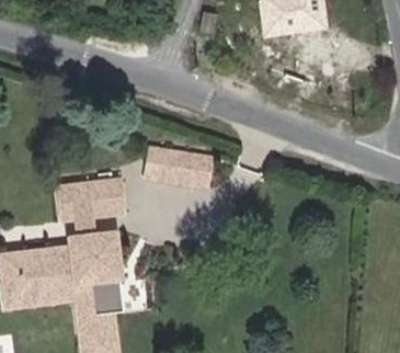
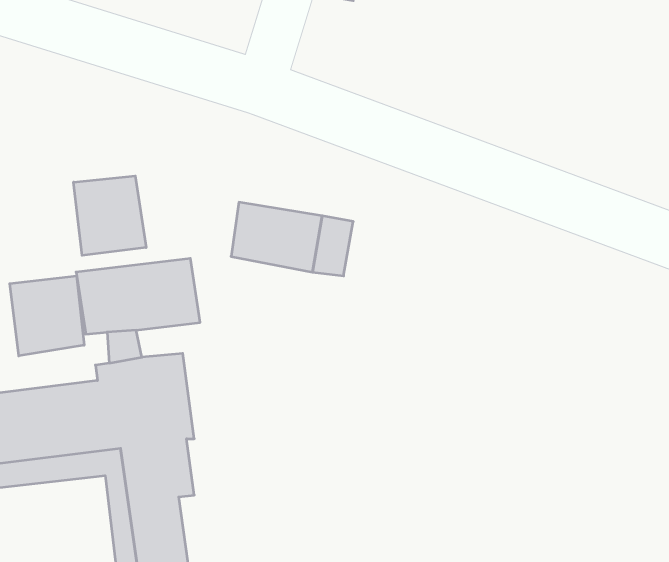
building: none -> [74,176,146,255]
building: none -> [10,276,84,356]

